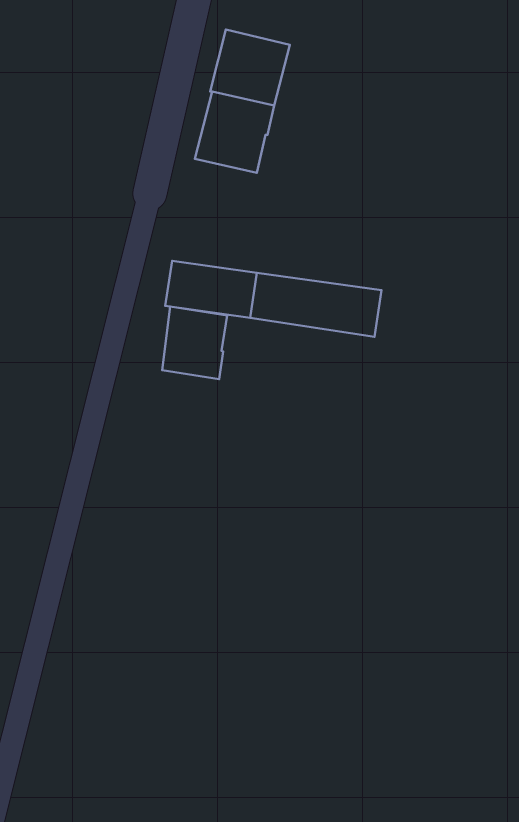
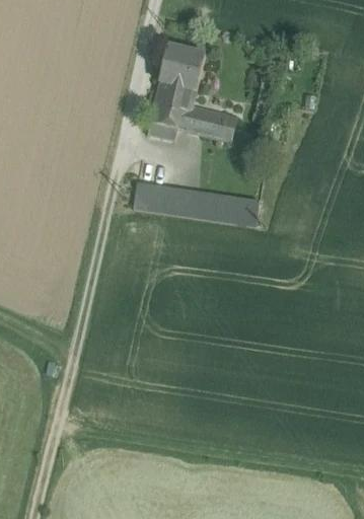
building: none -> [186,107,226,138]
building: [162,306,227,379] -> none

